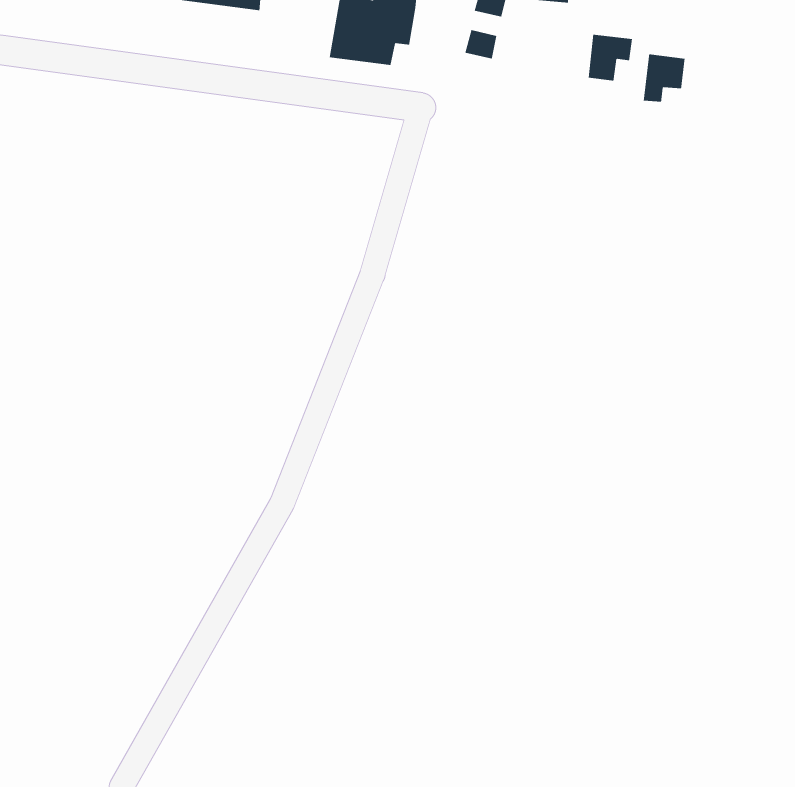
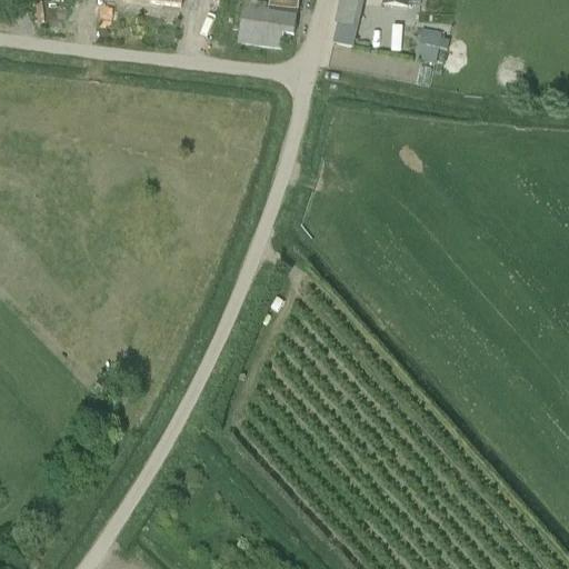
building: [643,54,685,102] -> none

